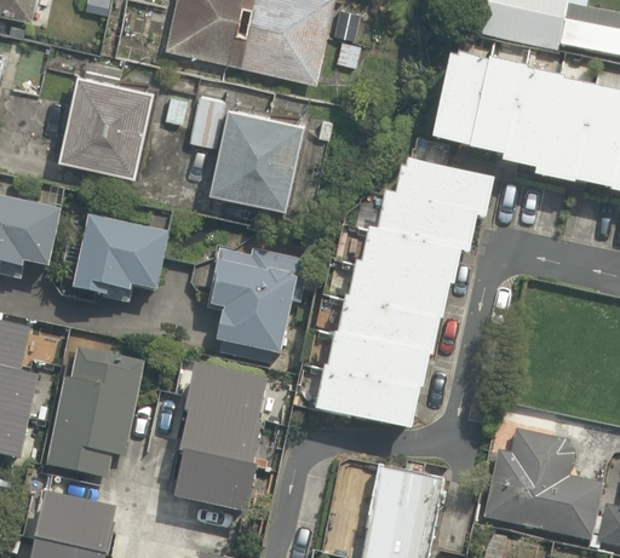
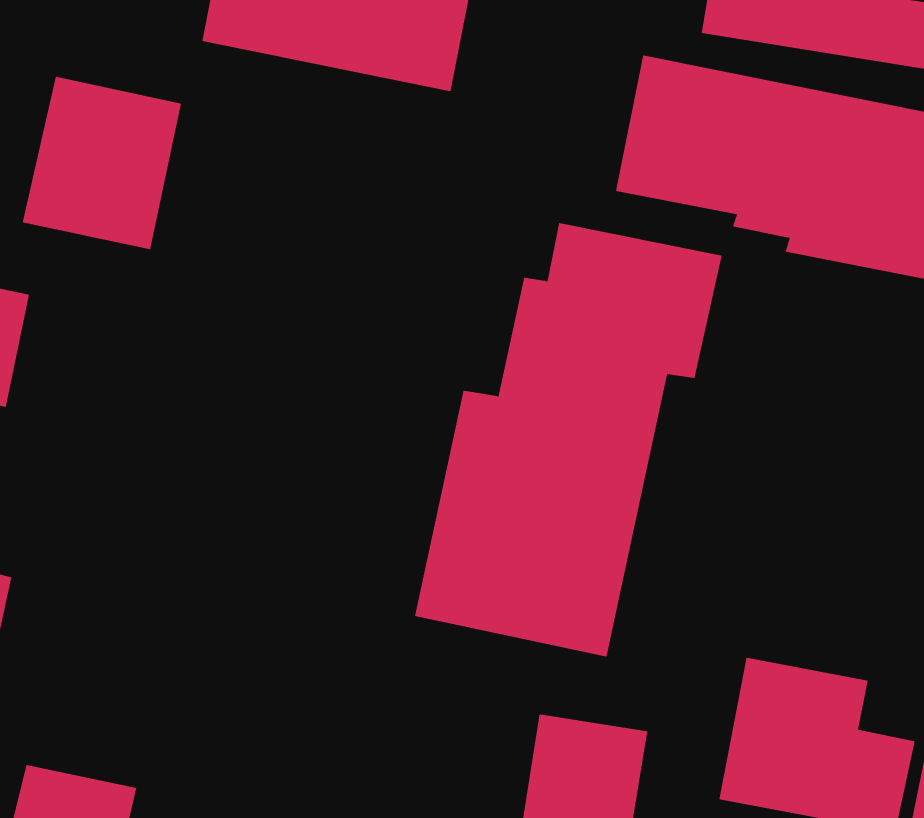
building: [185,97,302,205] -> none
building: [59,214,167,301] -> none
building: [205,243,308,349] -> none
building: [53,350,153,479] -> none
building: [182,367,276,516] -> none

